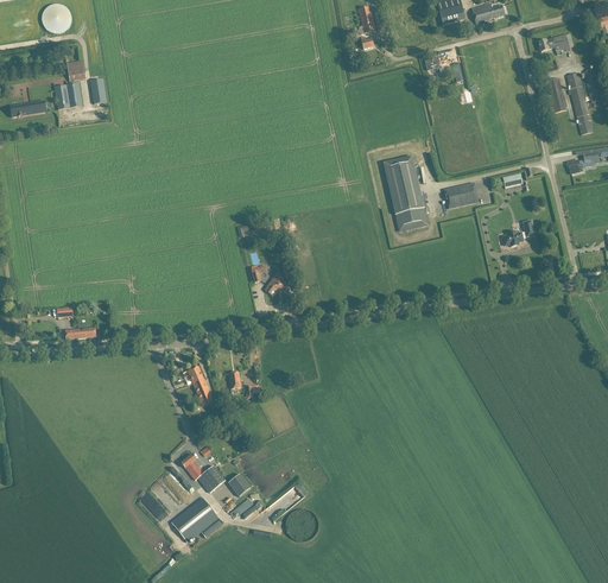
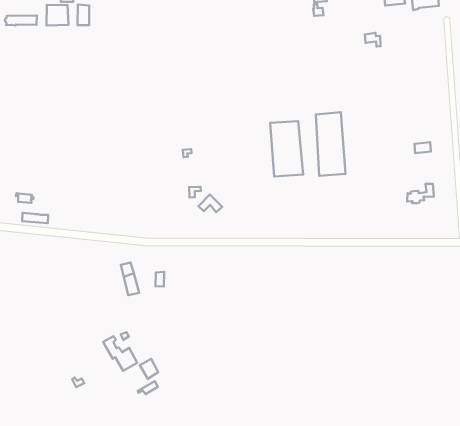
building: none -> [270,121,303,177]
building: [444,182,479,208] -> none
building: [171,498,222,547] -> none

